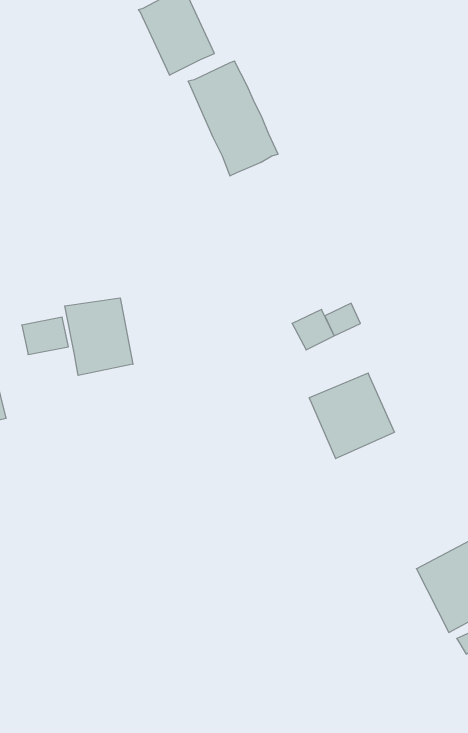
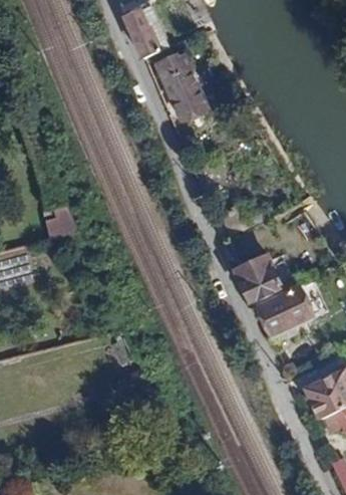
building: [65,298,133,375] -> none
building: none -> [255,286,317,339]

